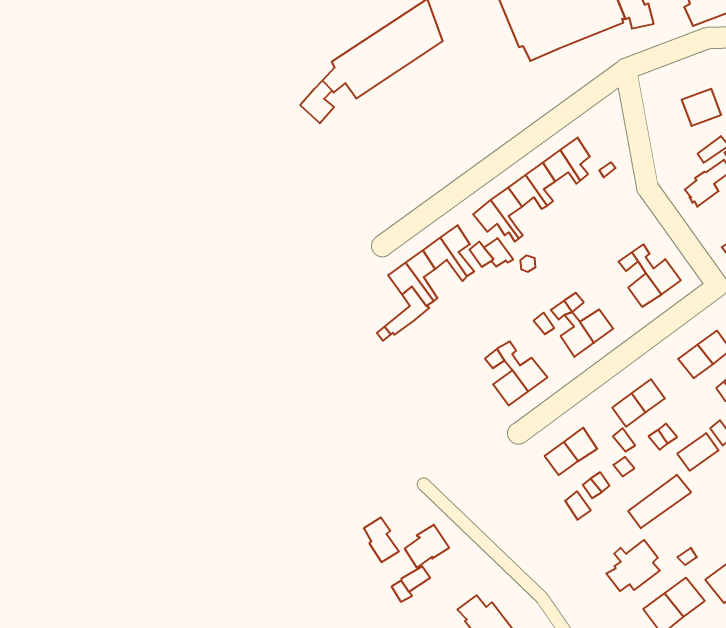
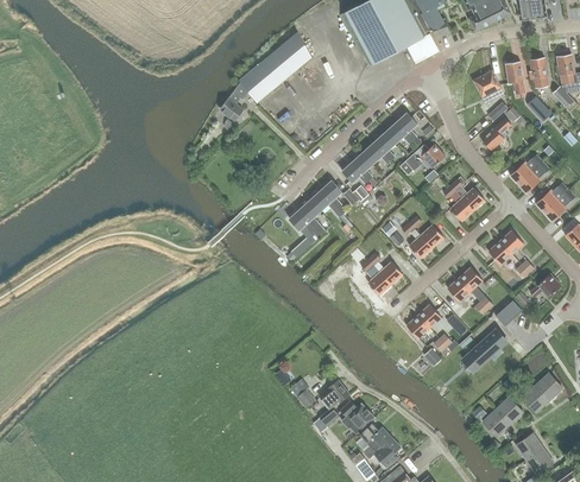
building: none -> [399,142,445,175]
building: [606,540,660,591] -> none
building: none -> [340,400,374,432]

